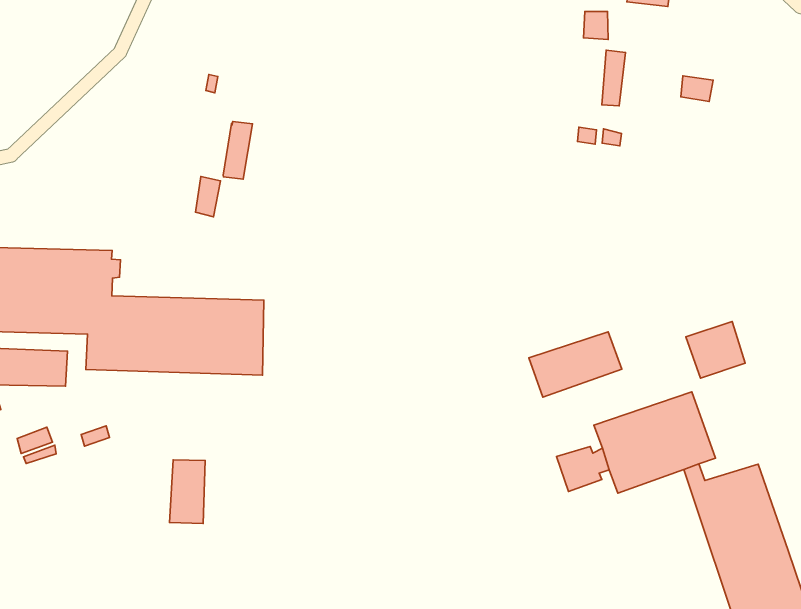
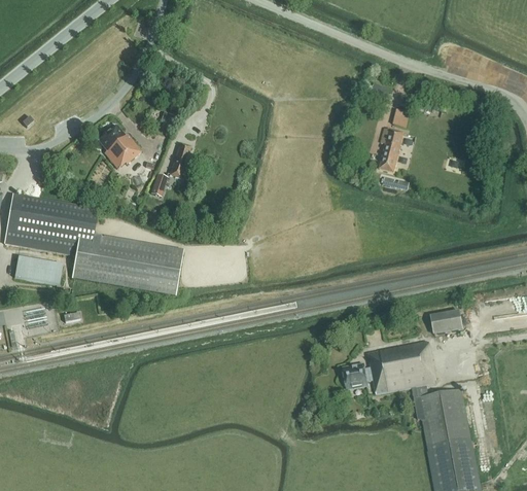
building: none -> [378,127,403,172]
building: none -> [97,125,140,168]
building: [529,332,622,397] -> none
building: [169,460,205,523] -> none

